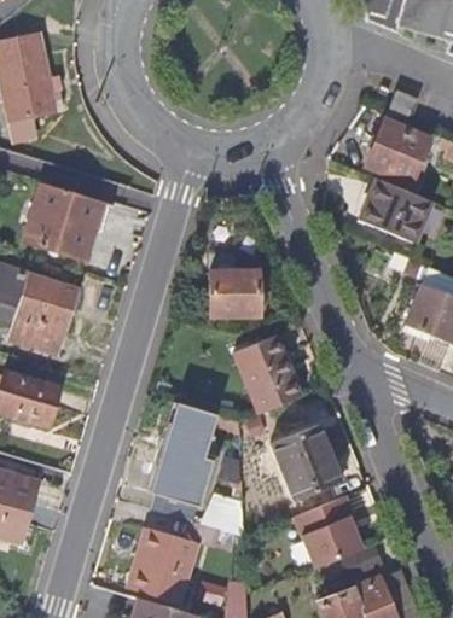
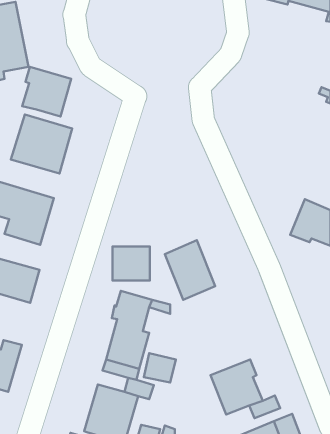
building: none -> [22,67,71,116]
building: [367,123,425,180] -> none
building: [362,183,434,247] -> none
building: [207,275,256,320] -> [112,247,150,280]
building: [272,428,341,503] -> none

